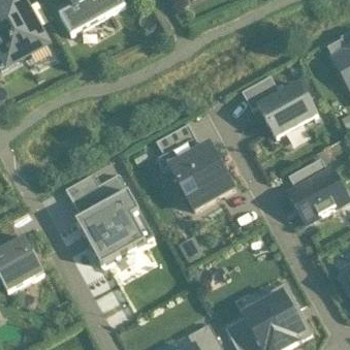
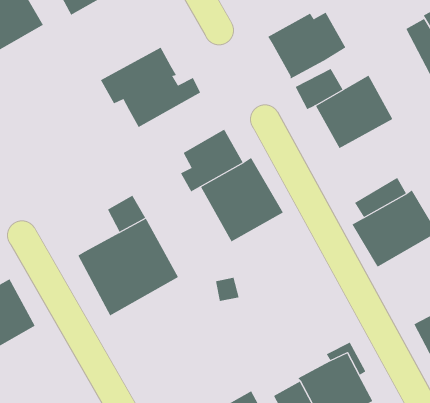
building: none -> [267,12,346,80]
building: none -> [100,47,201,128]
building: [65,173,107,216] -> none

